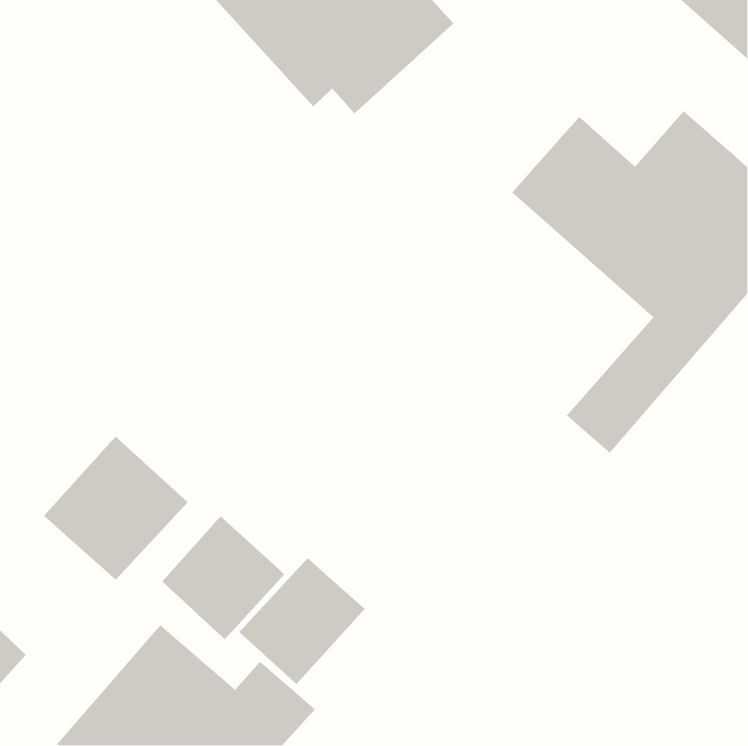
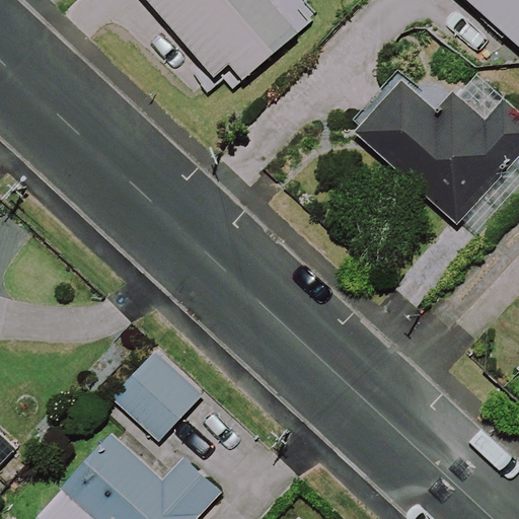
building: [43,436,188,580] -> none
building: [239,558,366,685] -> none

